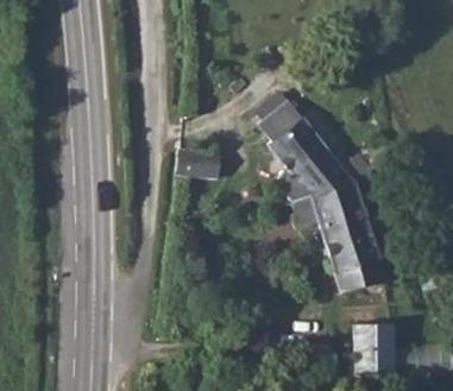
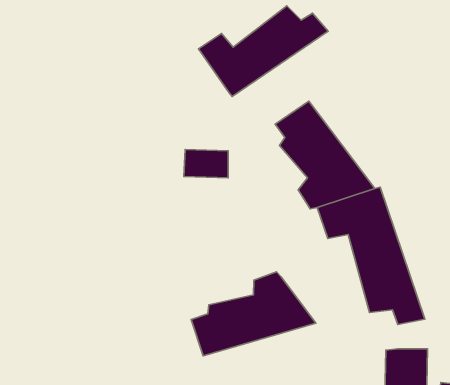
building: none -> [199,6,328,96]
building: none -> [191,272,316,356]

